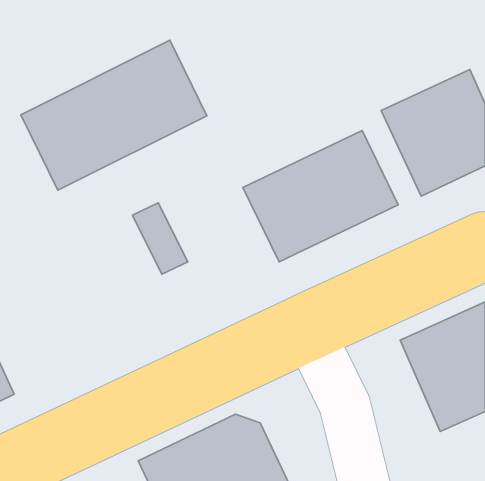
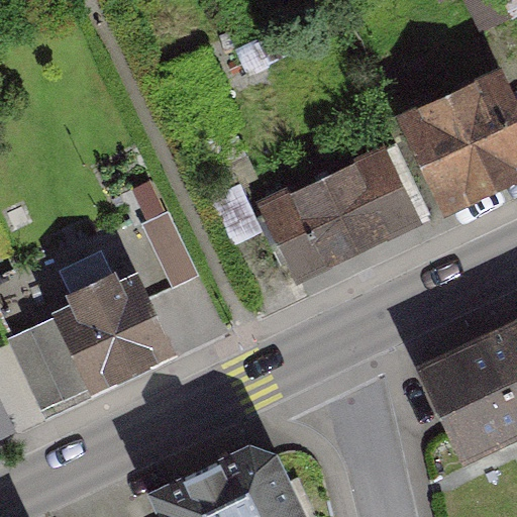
building: [21,40,207,190] -> none
building: none -> [6,264,176,413]

